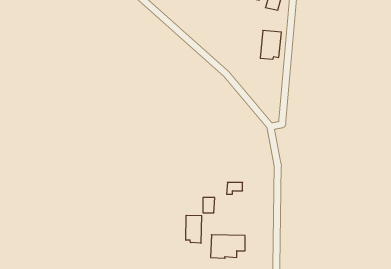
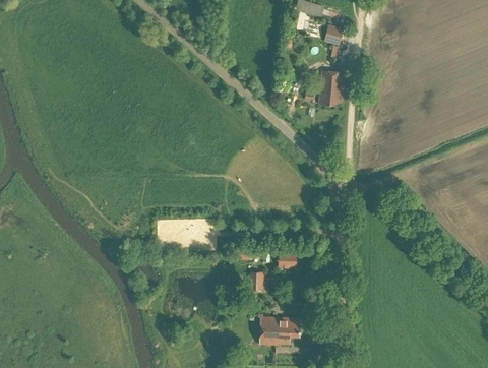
building: [186,215,202,243] -> none

